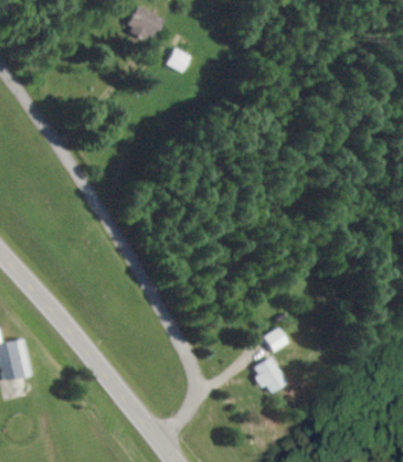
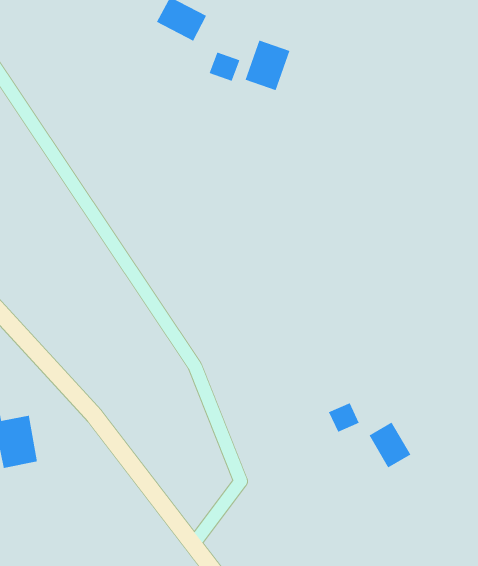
building: none -> [245,40,290,91]
building: [252,357,286,395] -> [368,421,411,469]

